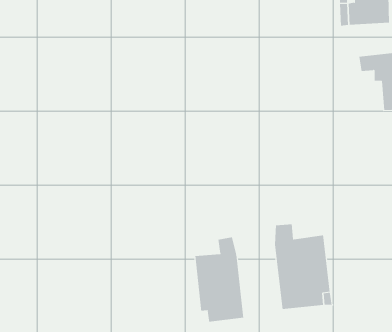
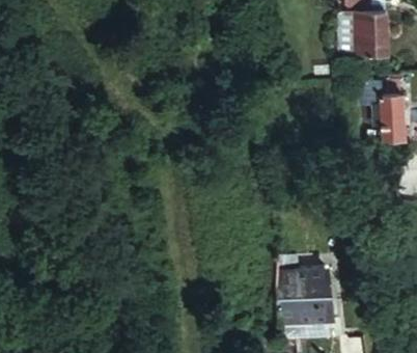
building: [195,237,244,323] -> none

